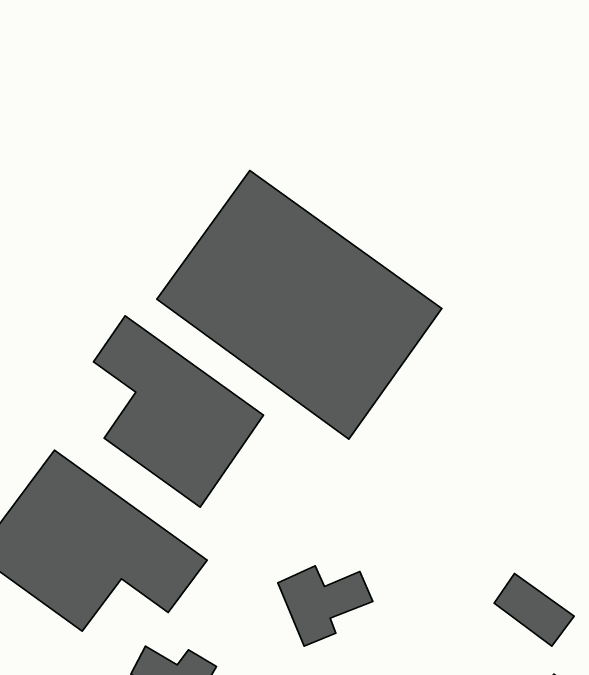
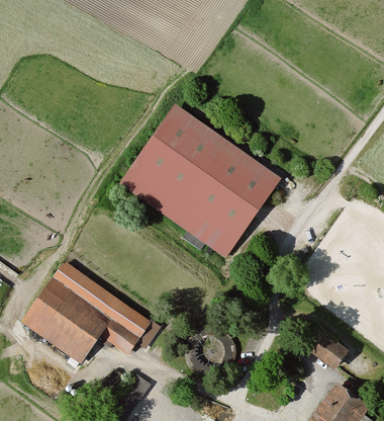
building: [94,316,263,507] -> none

